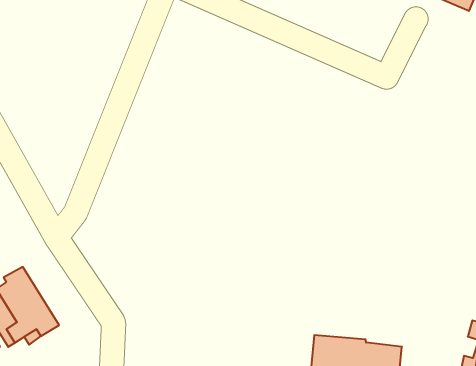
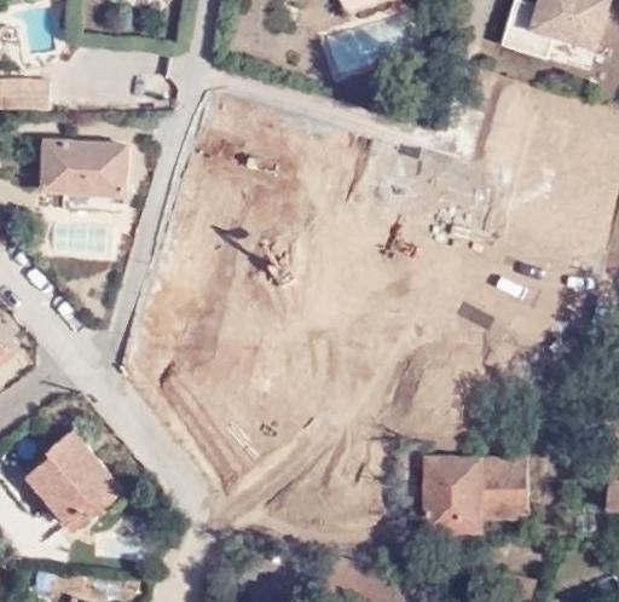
building: none -> [40,140,126,195]

